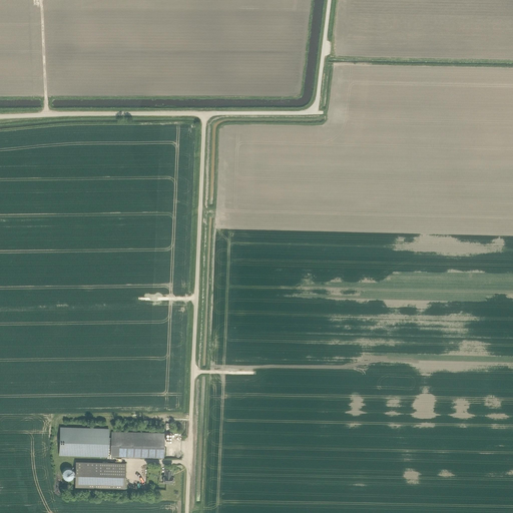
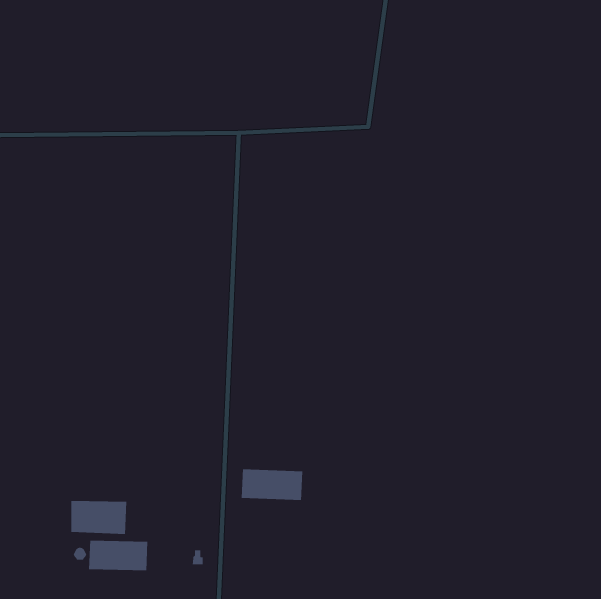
building: [111,431,164,458] -> [241,469,303,501]

